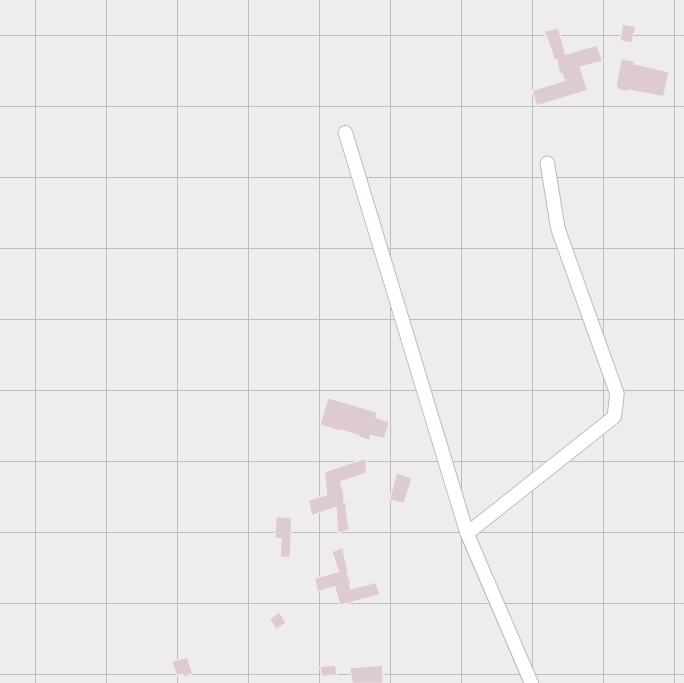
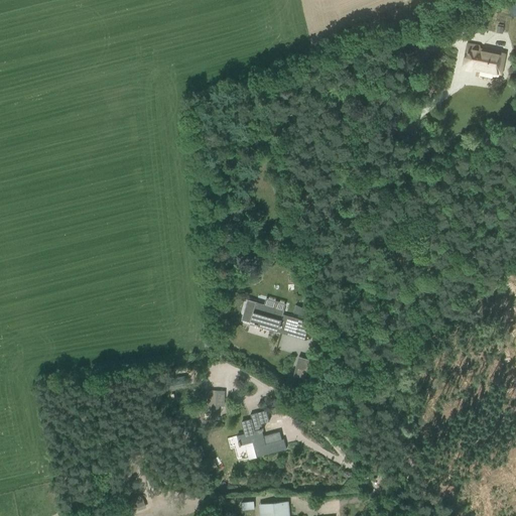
building: [532,28,603,106] -> none
building: [309,458,366,533] -> none

